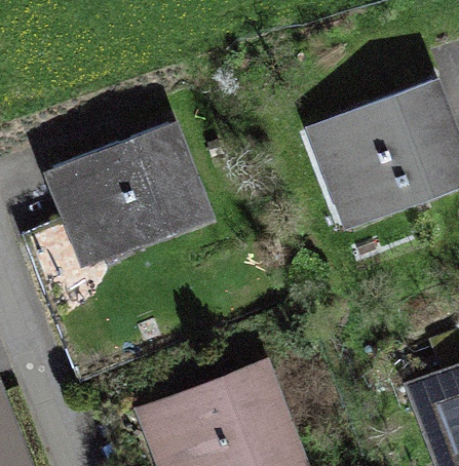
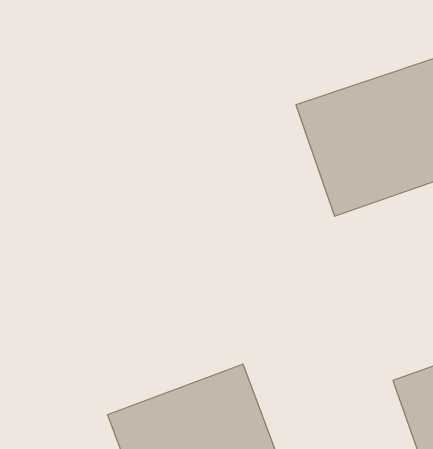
building: [54,124,206,261] -> none

